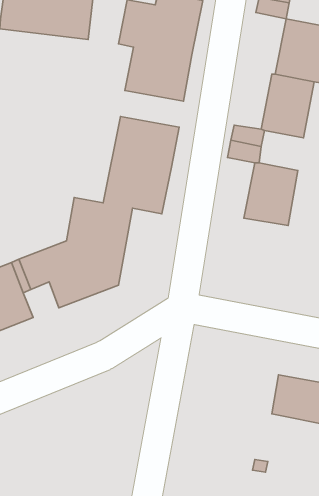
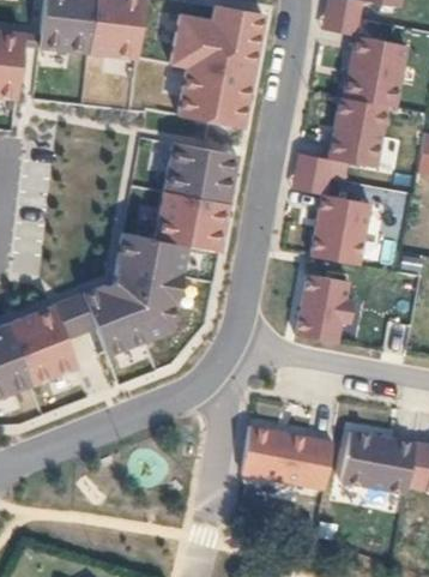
building: none -> [296,275,355,344]
building: none -> [241,426,333,489]

